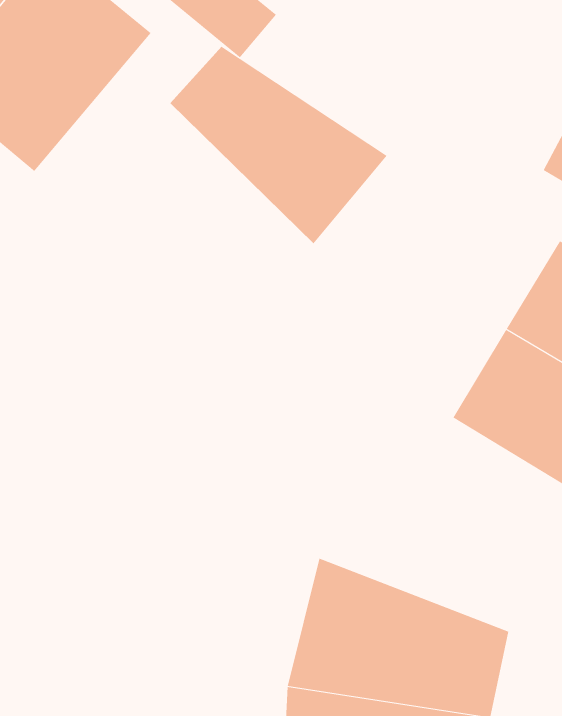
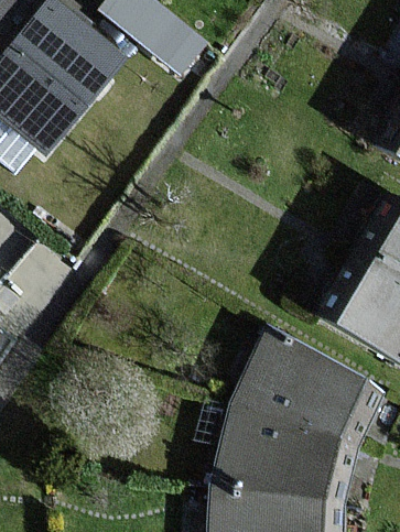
building: [170,46,388,244] -> none
building: none -> [231,333,380,452]

